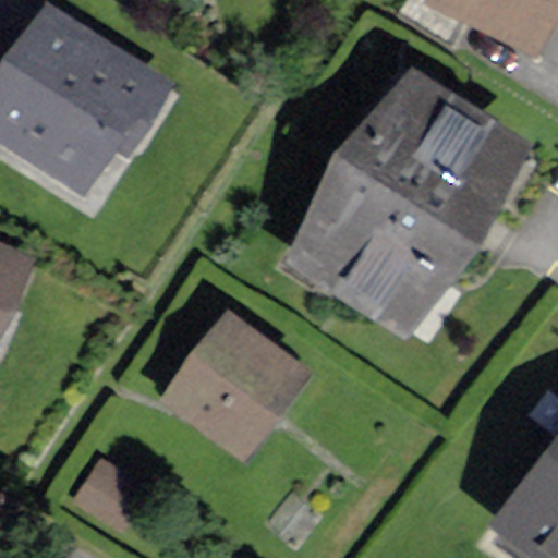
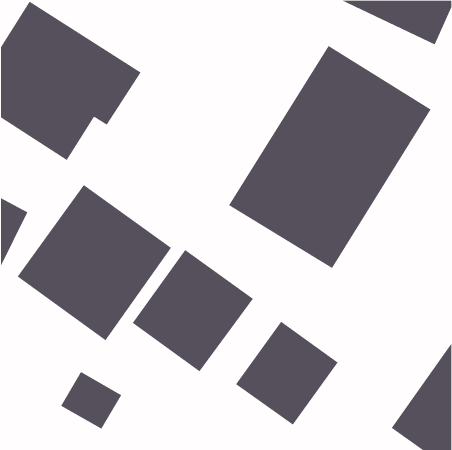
building: none -> [17,184,172,341]
building: none -> [235,321,338,426]

